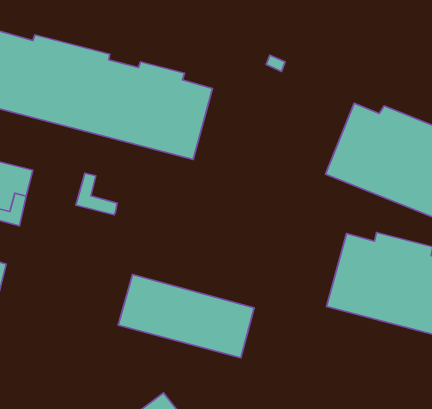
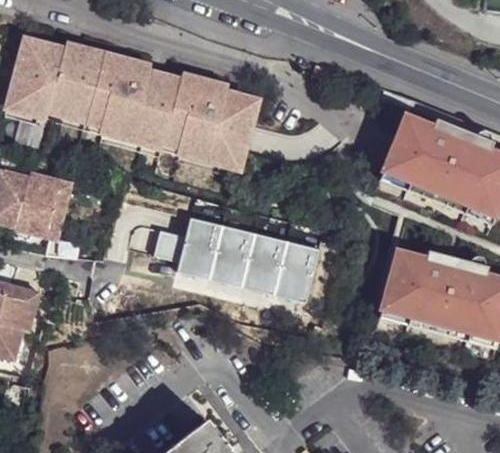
building: [76,173,117,215] -> none
building: [118,274,254,358] -> [174,217,316,304]

